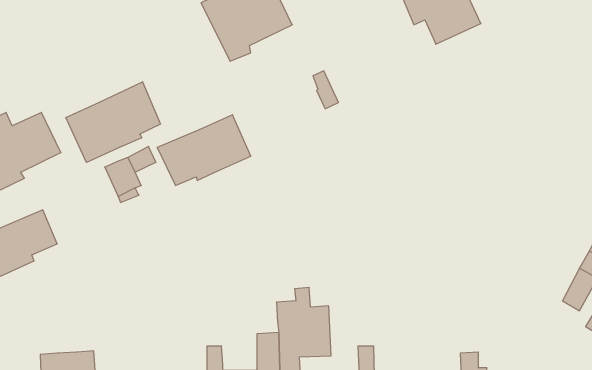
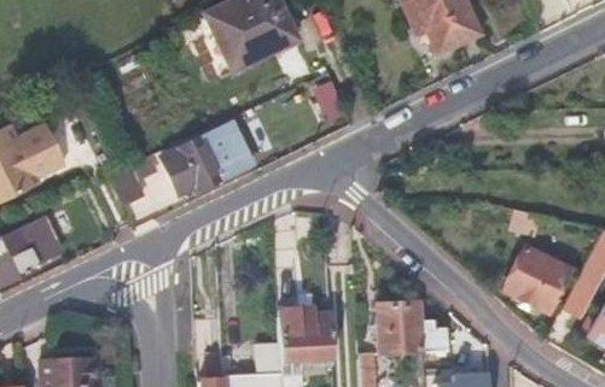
building: [66,82,160,162] -> none
building: none -> [505,245,571,313]
building: none -> [379,301,448,351]

